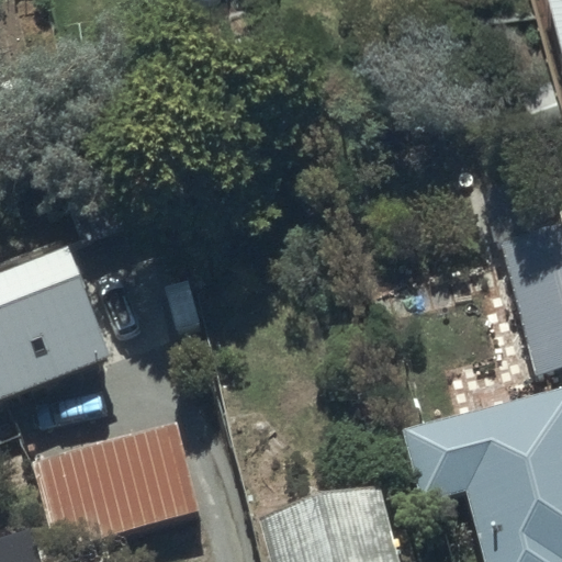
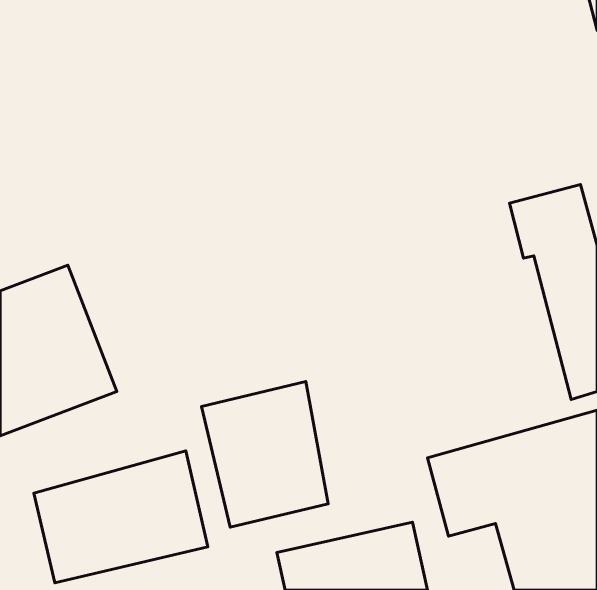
building: none -> [201,382,328,527]

